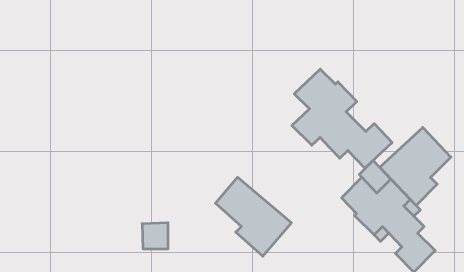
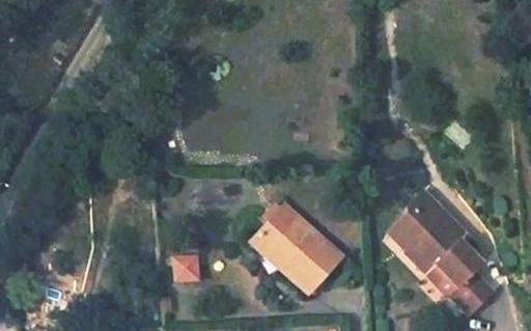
building: [292,69,392,168] -> none
building: [380,127,451,205] -> none

